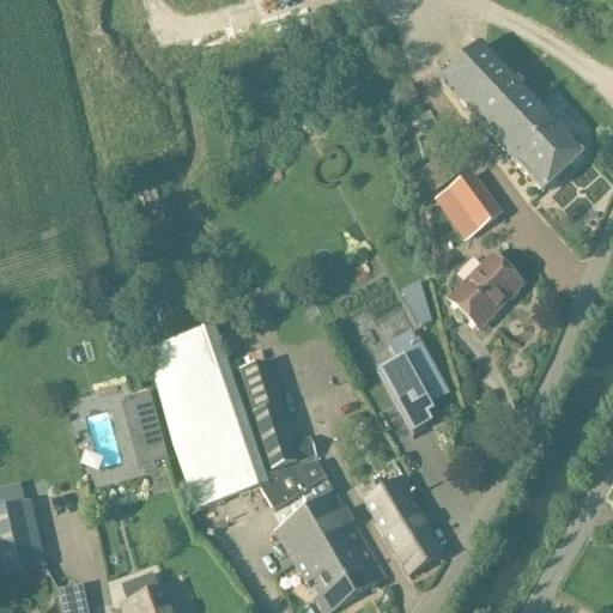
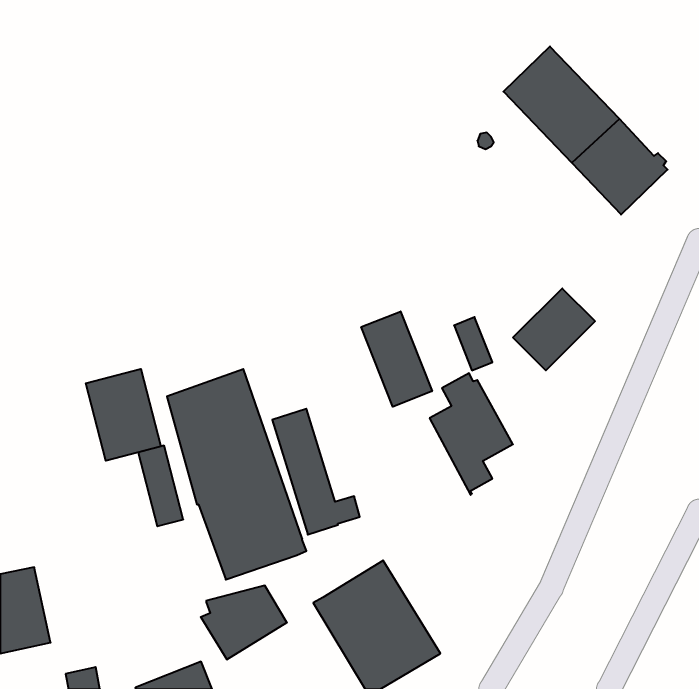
building: [448,170,500,226] -> none
building: none -> [361,311,432,407]
building: none -> [86,369,161,461]
building: [260,459,335,523] -> [201,586,287,659]
building: [363,474,442,572] -> none

